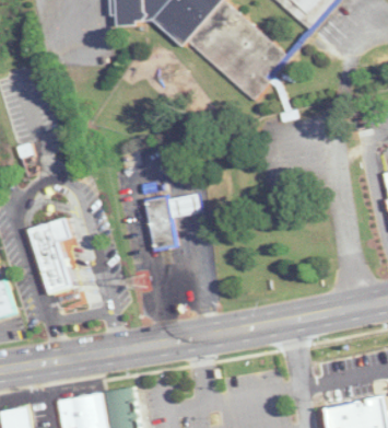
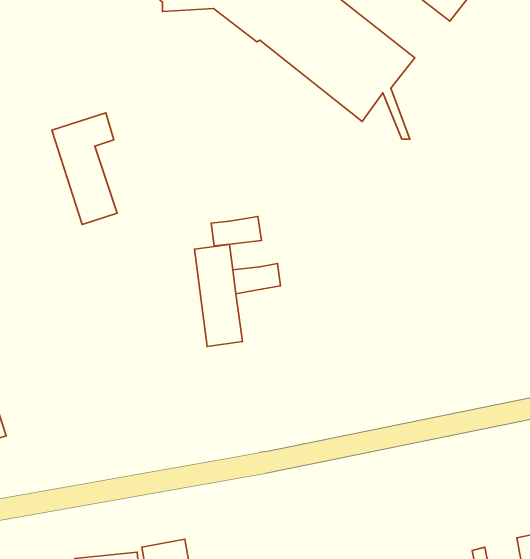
building: none -> [211,216,262,246]
building: [26,217,71,293] -> [52,113,117,224]

